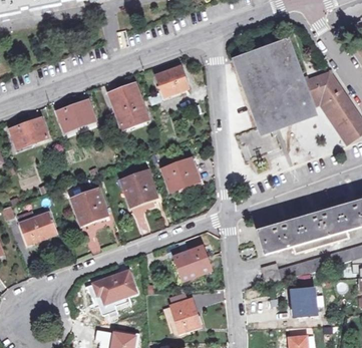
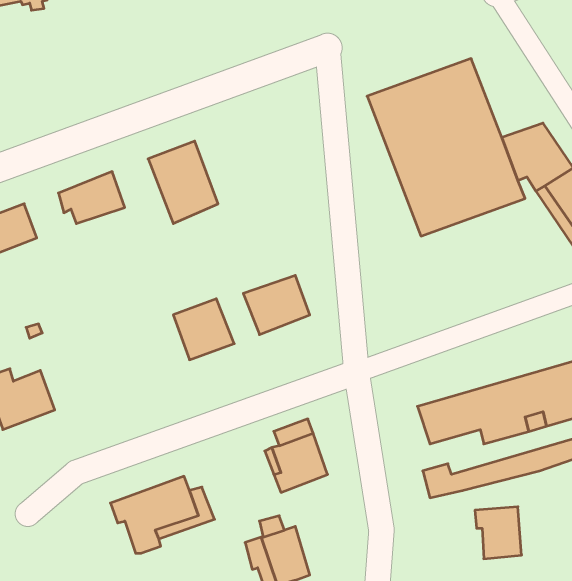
building: [156,65,188,95] -> none
building: [72,189,106,223] -> none

